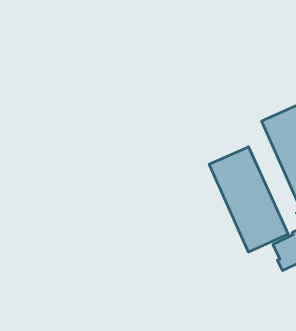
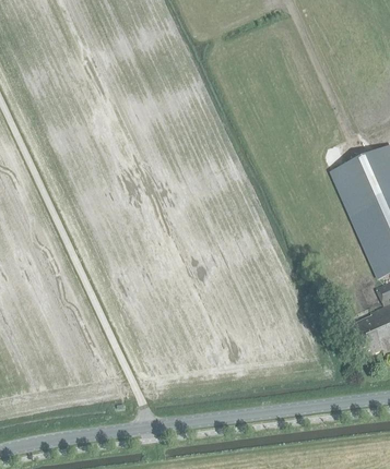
building: [209,147,288,252] -> none

